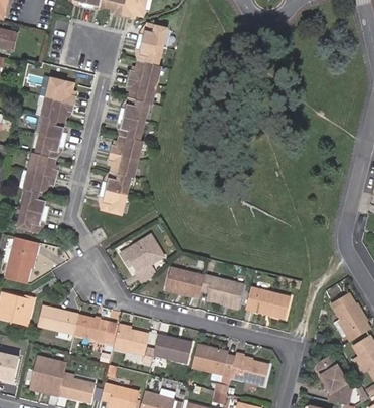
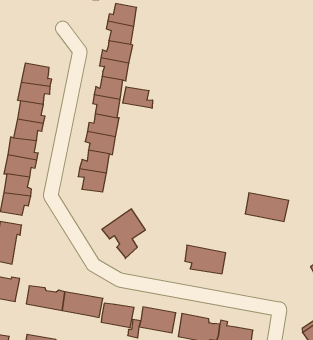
building: none -> [123,87,153,108]
building: [164,266,204,296] -> none
building: [245,285,291,317] -> [245,193,289,221]

